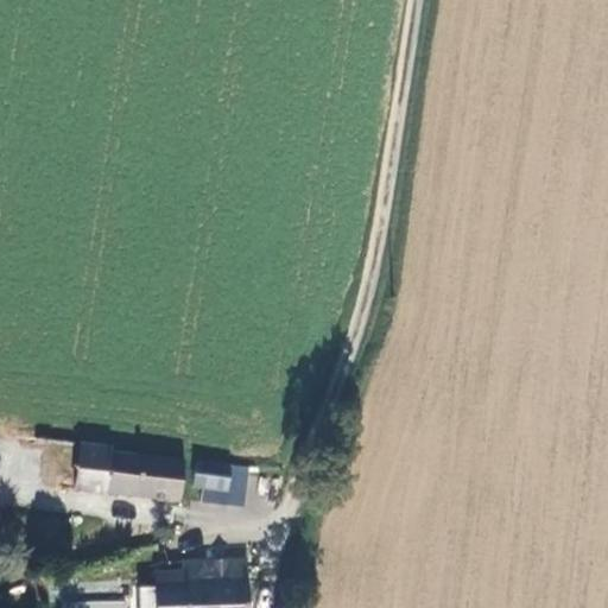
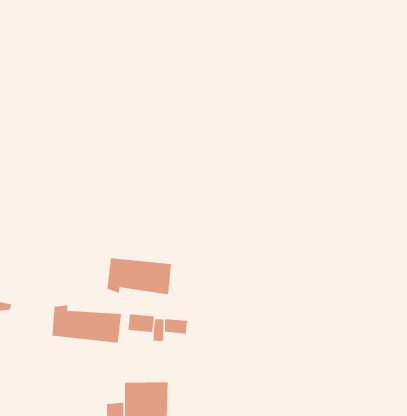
building: none -> [107,258,172,295]

